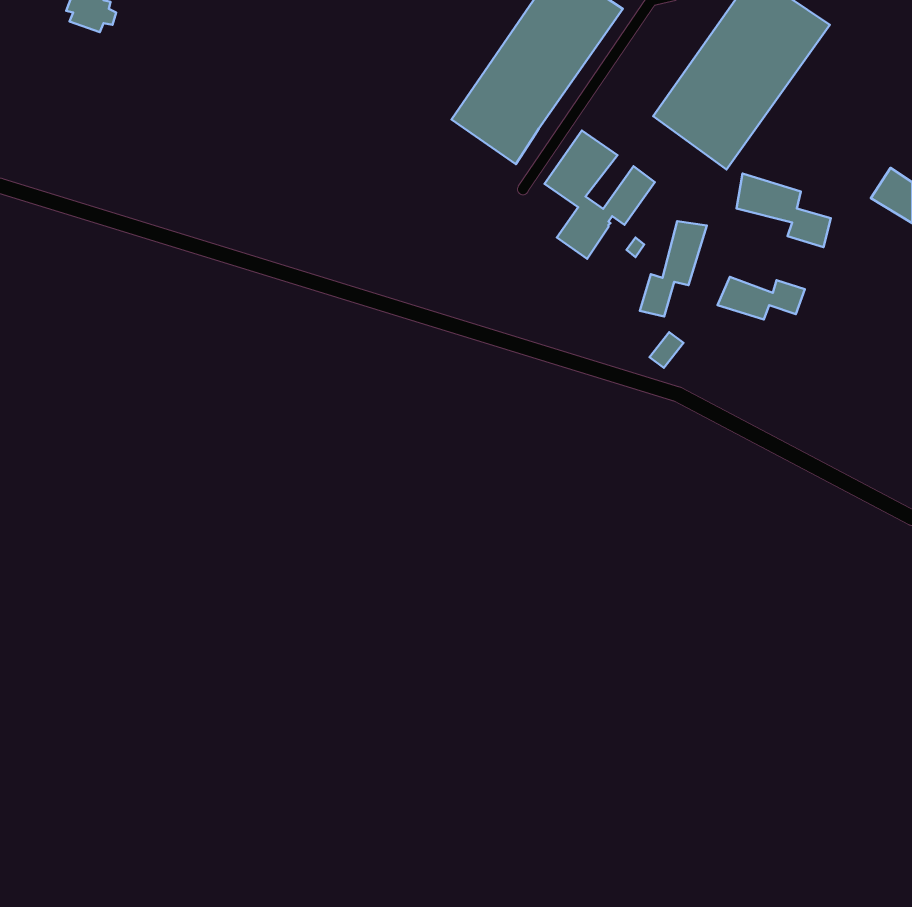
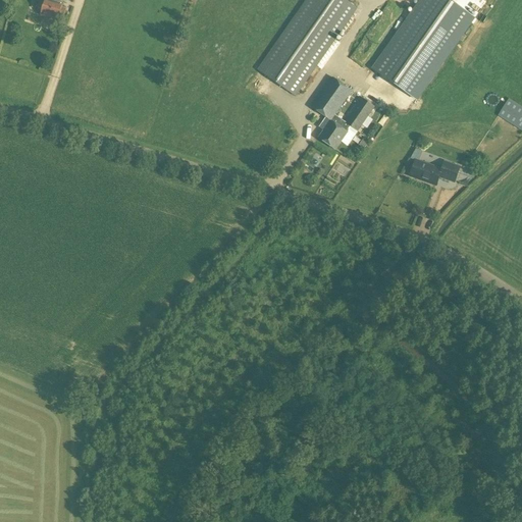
building: [736,174,831,247] -> none
building: [640,221,707,317] -> none

